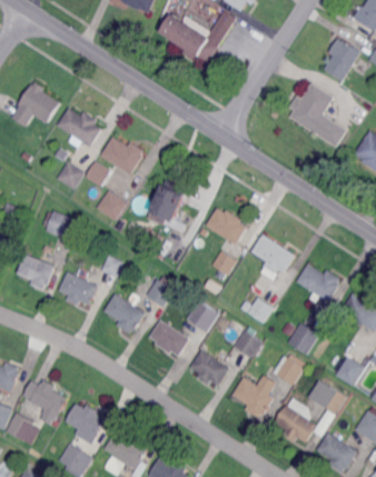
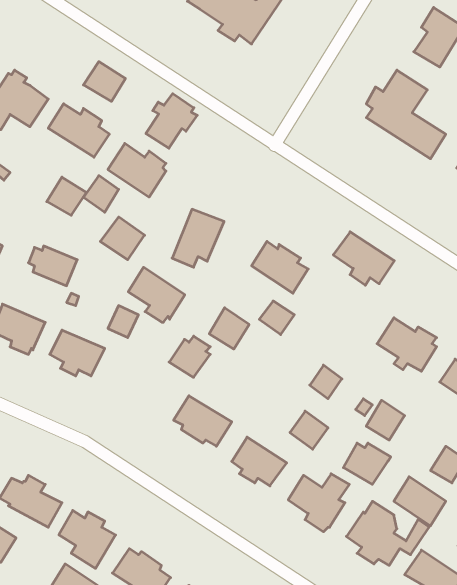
building: none -> [83,62,125,101]
building: none -> [146,94,197,148]
building: [250,235,295,274] -> [333,232,394,285]
building: [103,294,145,334] -> [128,267,185,322]
building: [187,305,216,335] -> [209,308,249,349]

